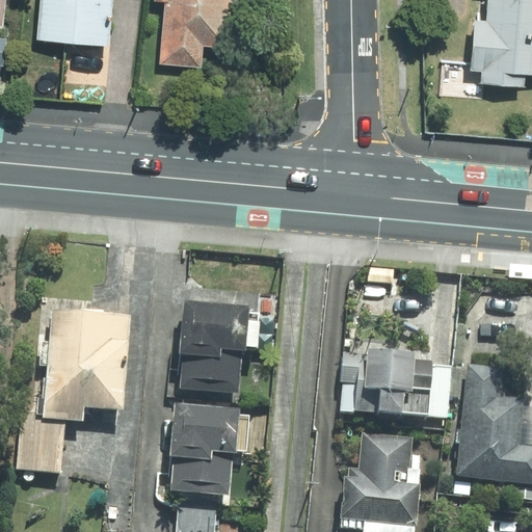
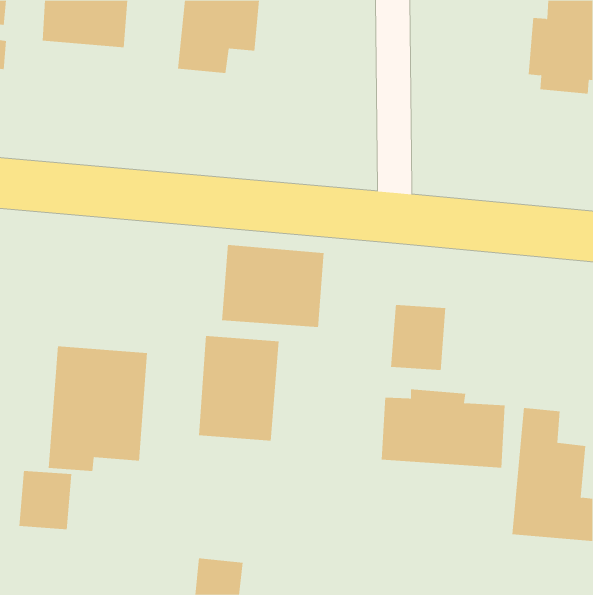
building: none -> [222,244,324,328]
building: none -> [391,304,446,371]
building: [166,402,239,496] -> none
building: [341,432,422,525] -> none

